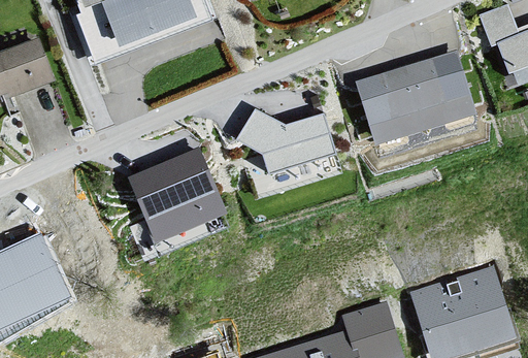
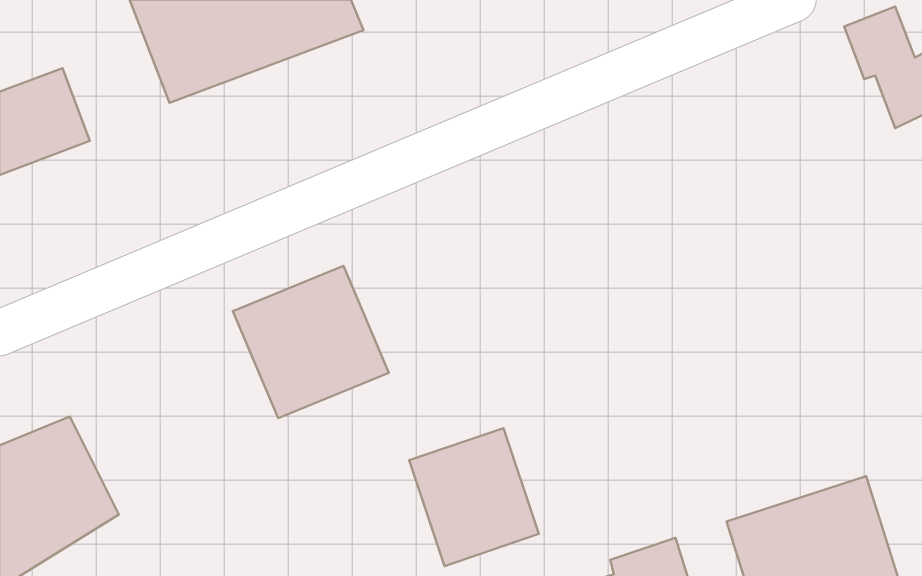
building: [352,32,486,151] -> none
building: [237,108,336,173] -> none
building: none -> [409,428,539,566]

